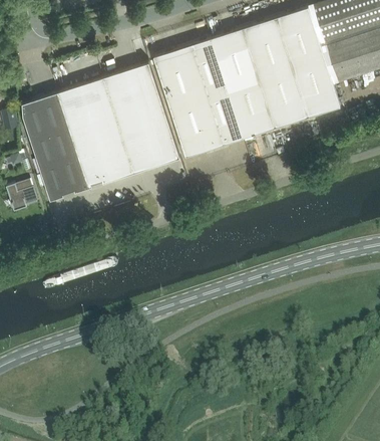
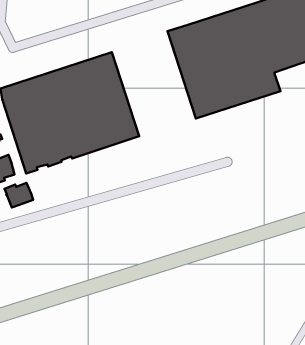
building: [153,38,244,157] -> none
building: none -> [4,183,33,208]

